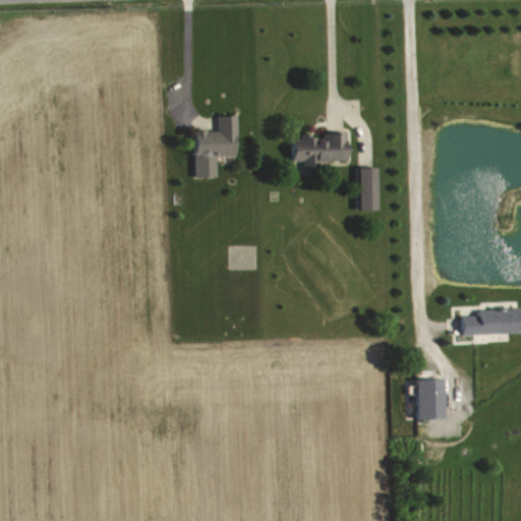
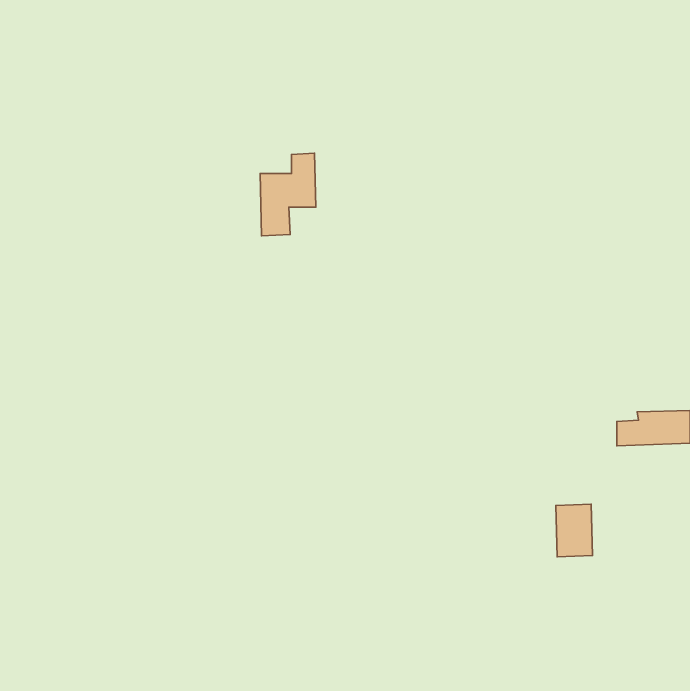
building: [293,133,347,168] -> none
building: [357,168,378,211] -> none

